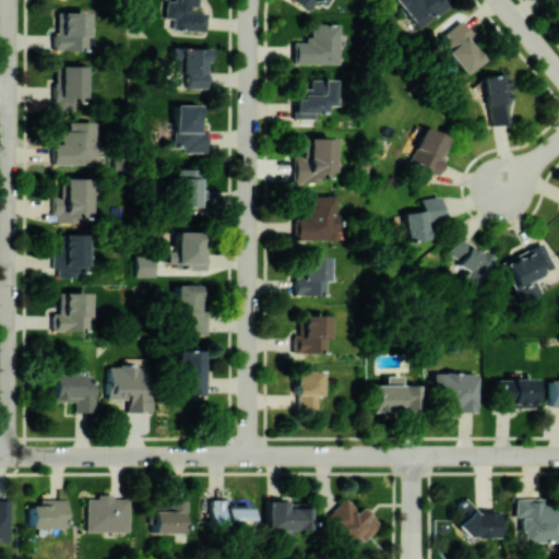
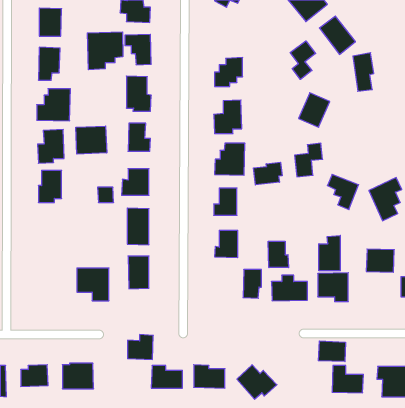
building: [298,24,342,64] -> none
building: none -> [87,32,123,70]
building: none -> [290,41,316,79]
building: none -> [76,126,107,154]
building: none -> [254,162,282,185]
building: [57,293,92,331] -> none
building: none -> [319,235,340,271]
building: none -> [268,241,289,268]
building: [298,371,323,411] -> [243,270,261,298]
building: [55,374,97,412] -> none
building: [500,379,538,411] -> [366,249,394,272]
building: none -> [318,341,345,362]
building: [156,500,191,534] -> [128,335,153,359]

